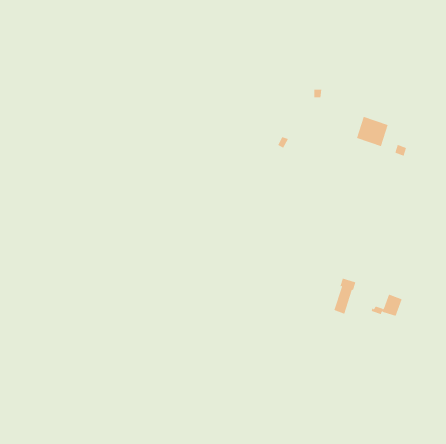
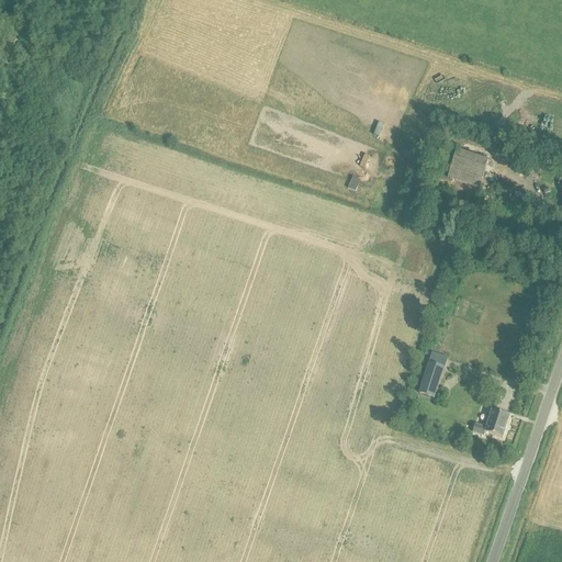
building: [371,294,402,316] -> [470,406,509,435]

